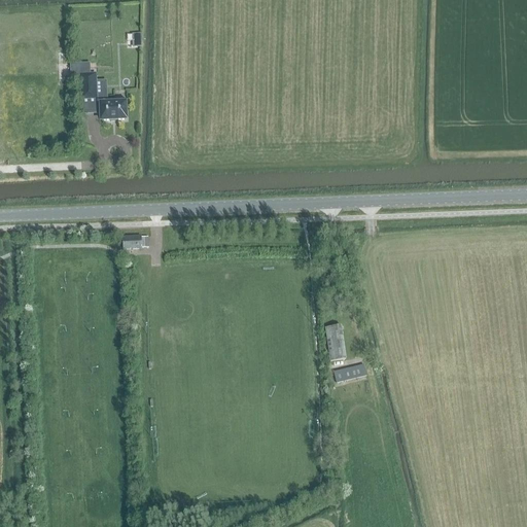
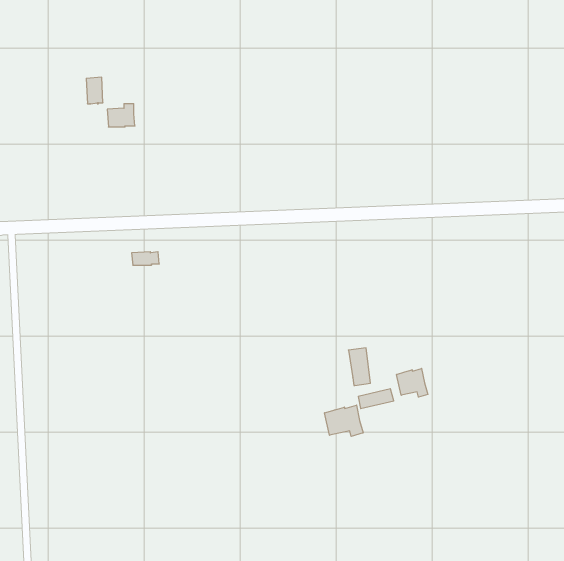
building: none -> [397,368,428,397]
building: none -> [325,405,363,436]

